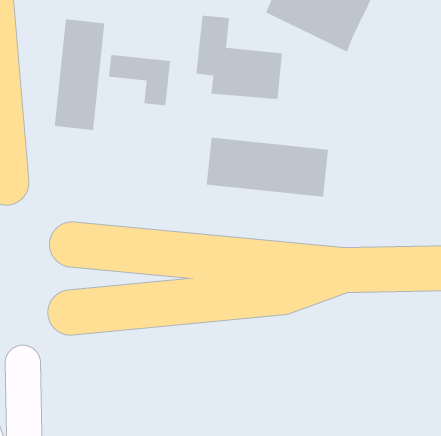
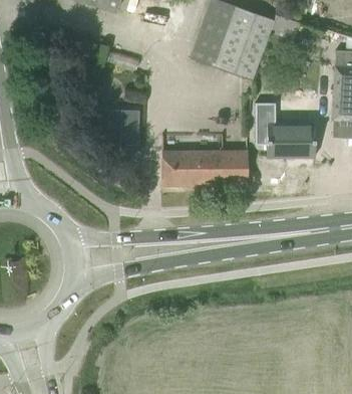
building: [196,15,283,100] -> [256,114,316,169]
building: [54,19,105,131] -> none

